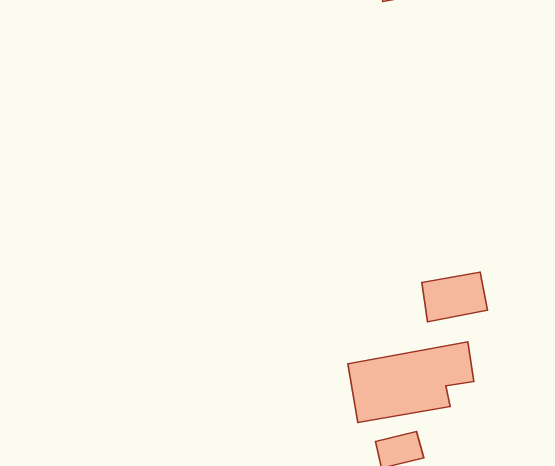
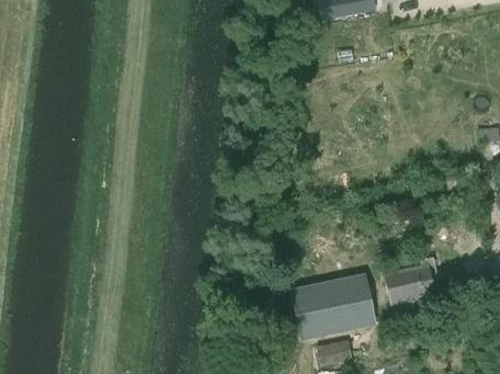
building: [422,272,488,322] -> [386,265,435,303]

